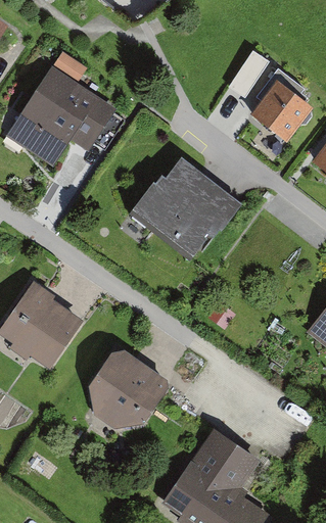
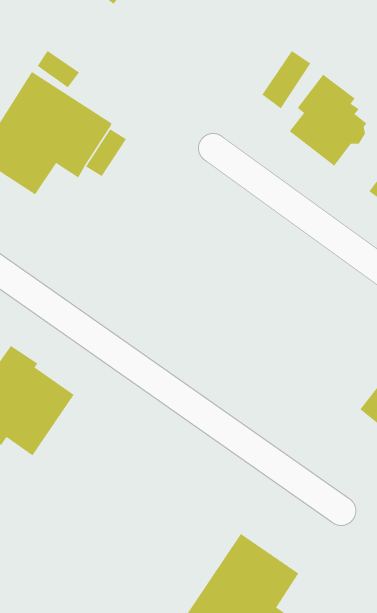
building: [129,160,238,259] -> none
building: [89,349,168,428] -> none

